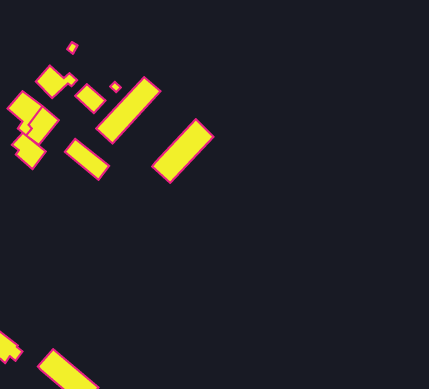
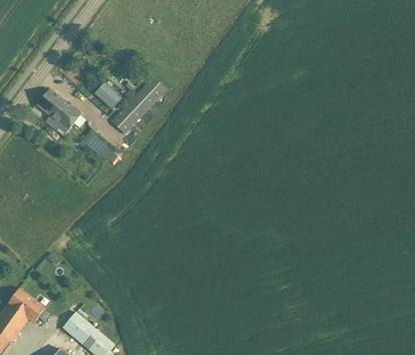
building: [36,66,77,98] -> none
building: [152,119,214,183] -> none
building: [12,133,46,169] -> none

